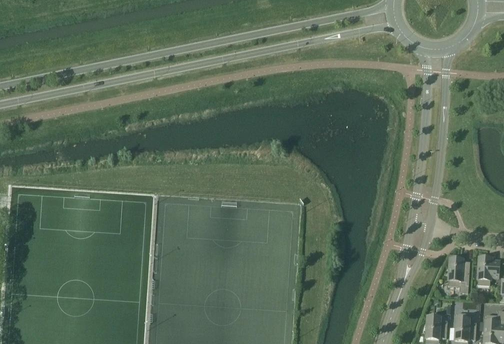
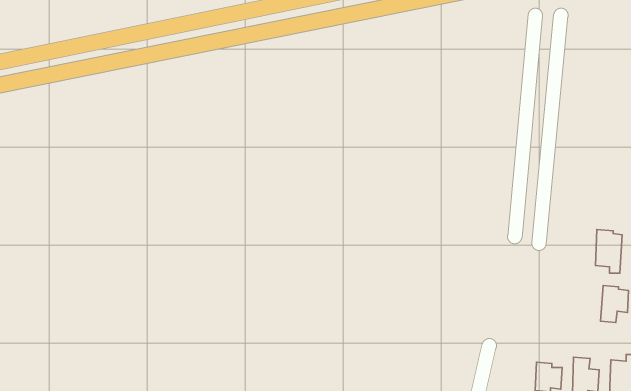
building: [448,256,469,290] -> [595,230,622,273]

